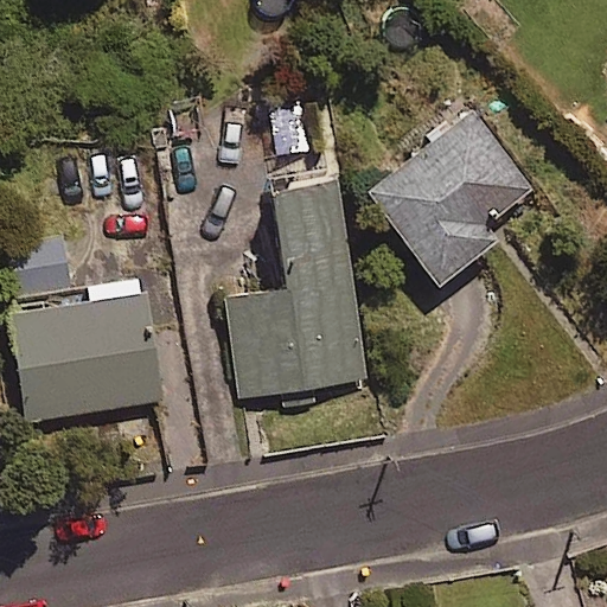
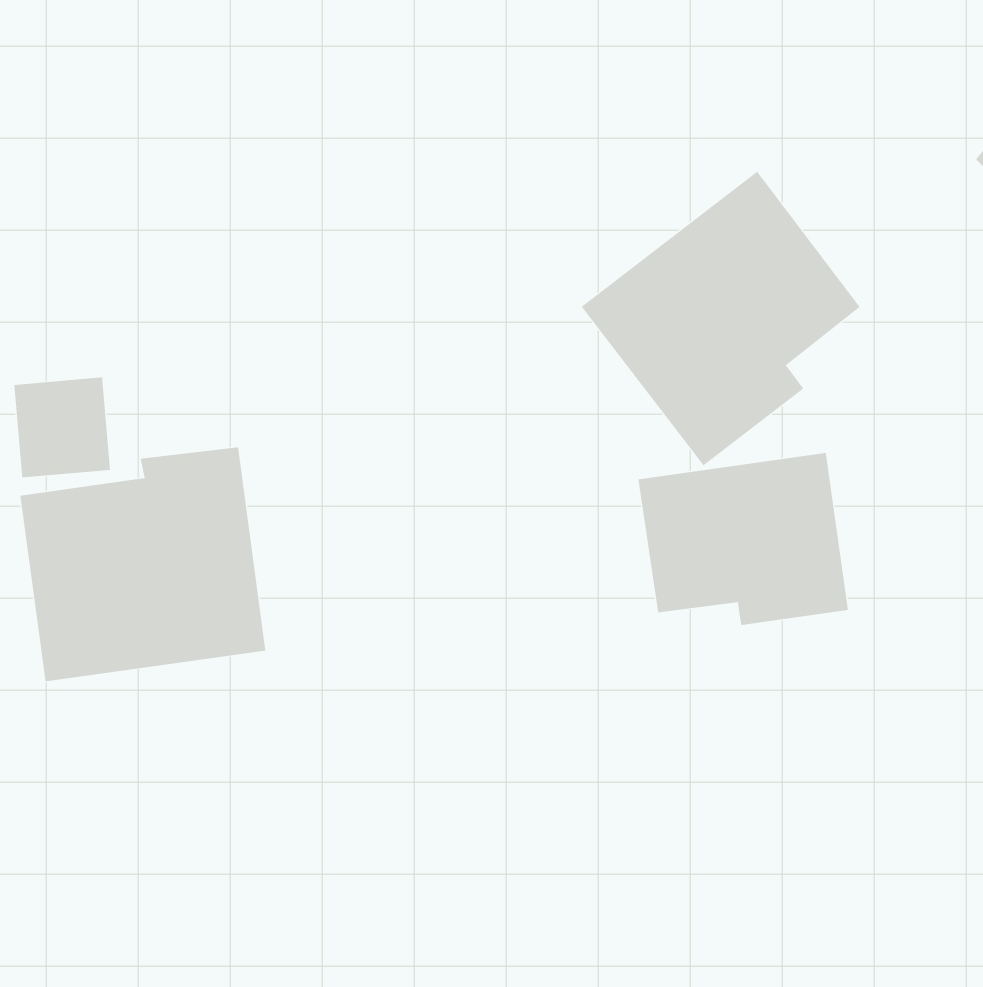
building: [228,180,365,400] -> none
building: none -> [638,452,849,626]

